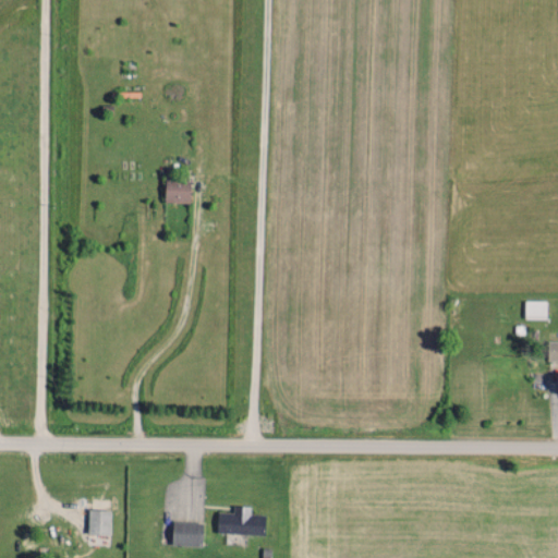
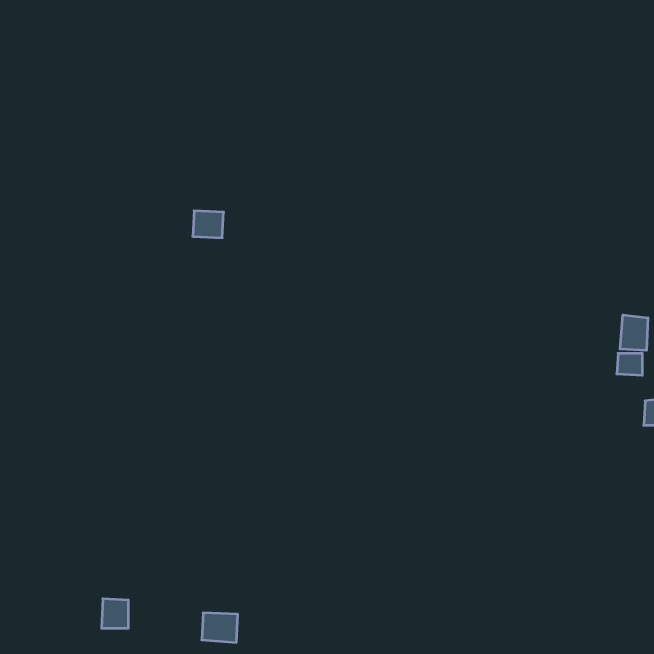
building: none -> [620,315,648,350]
building: [218,507,266,535] -> none

